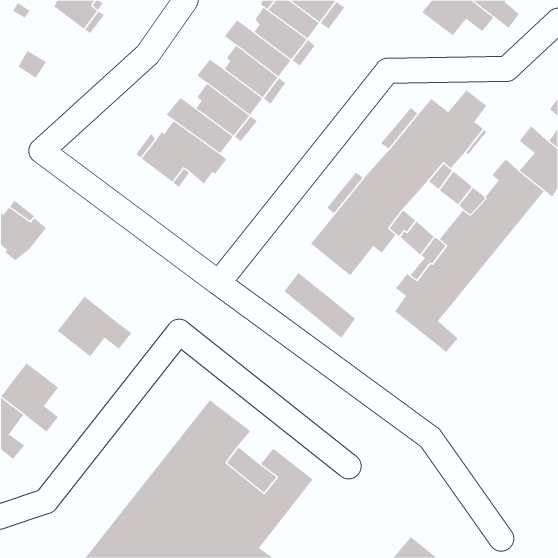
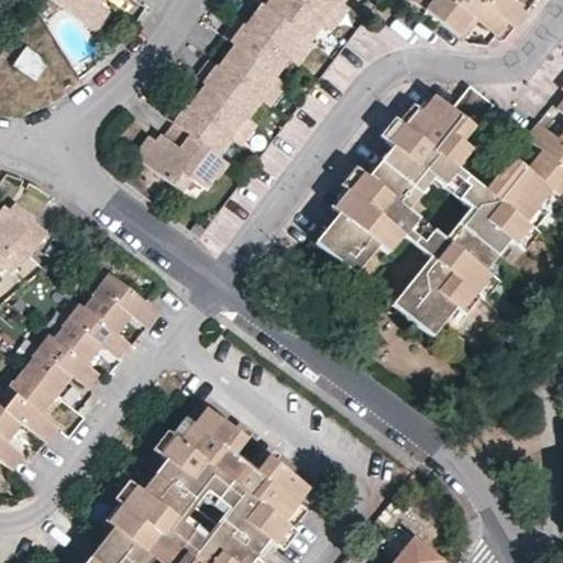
building: none -> [89,268,162,327]
building: [283,272,356,339] -> none
building: none -> [26,331,101,390]

